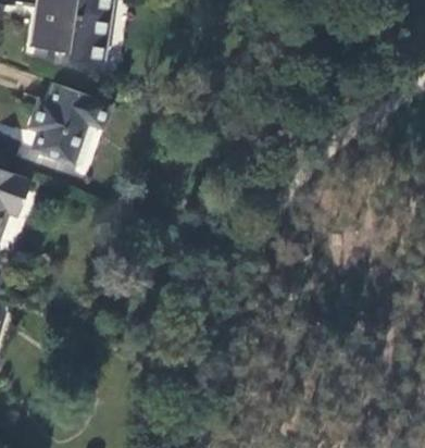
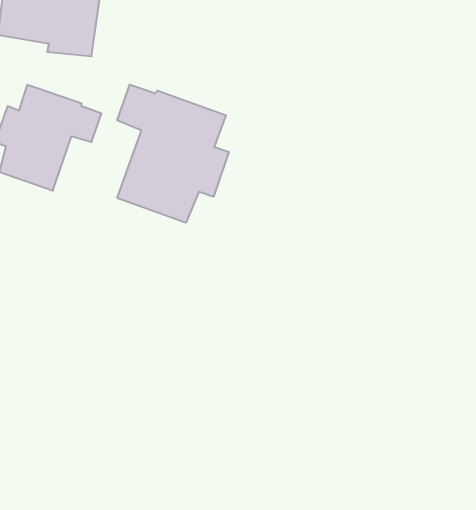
building: none -> [117,85,229,223]

